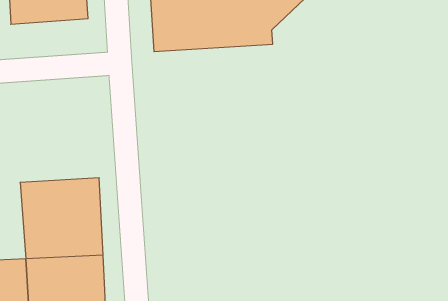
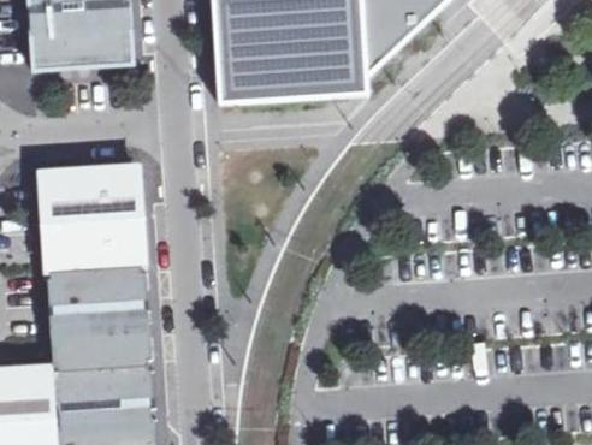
building: none -> [40,162,146,267]

